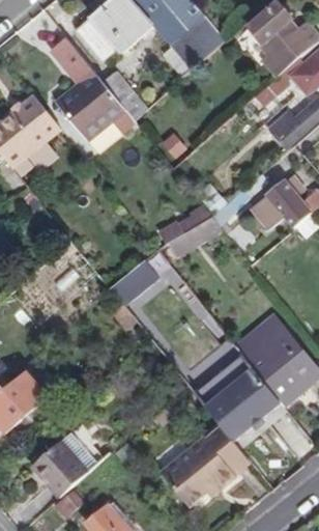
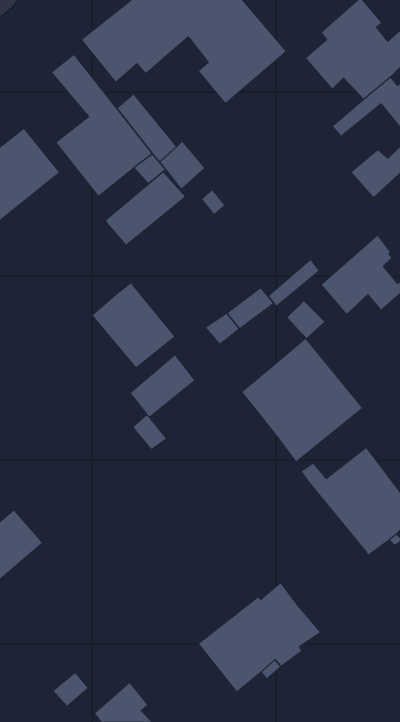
building: none -> [105,171,186,246]
building: none -> [92,282,175,368]
building: [193,352,281,442] -> [242,338,363,462]
building: [31,423,102,496] -> none

